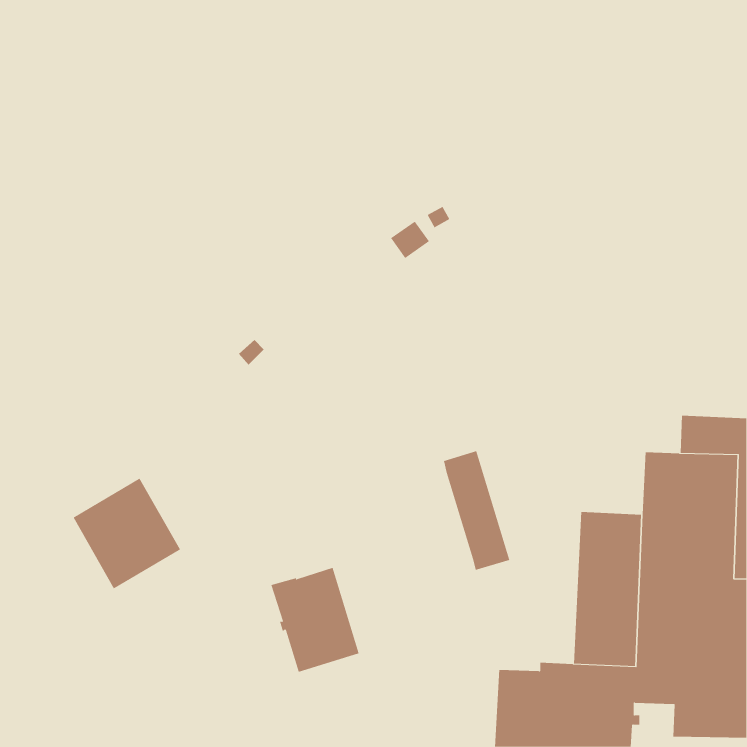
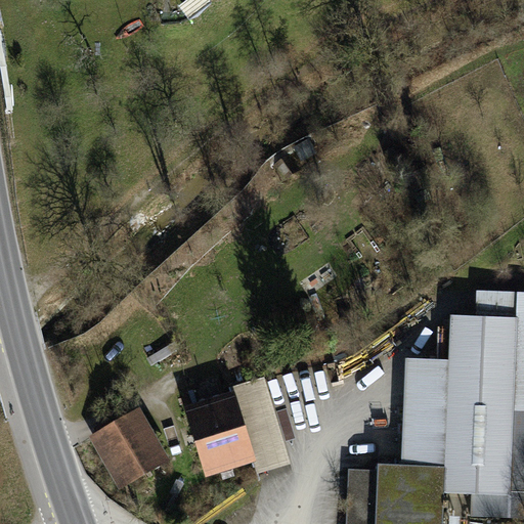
building: [443,451,510,570] -> [231,382,278,466]
building: [73,478,181,589] -> [92,409,168,487]

